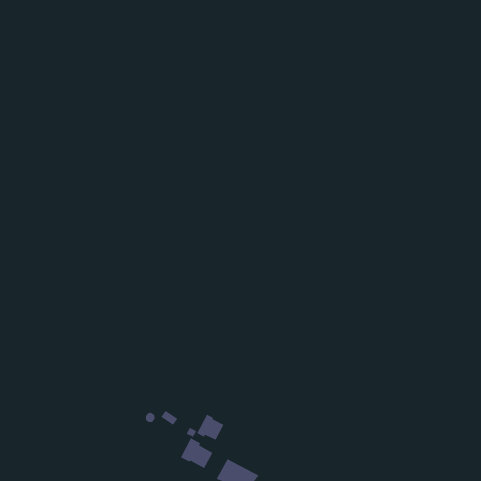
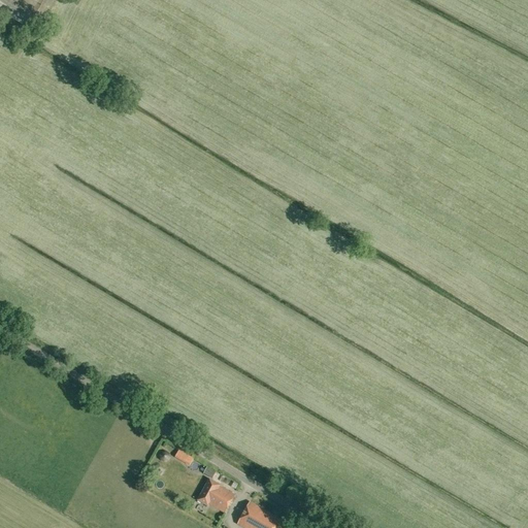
building: [196,414,224,440] -> none

